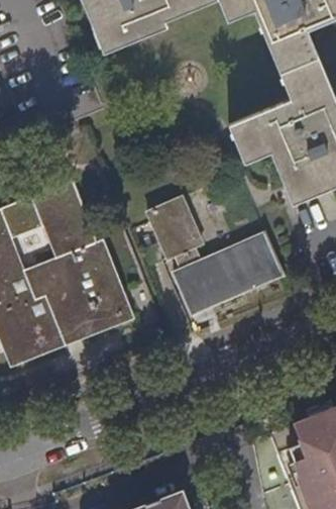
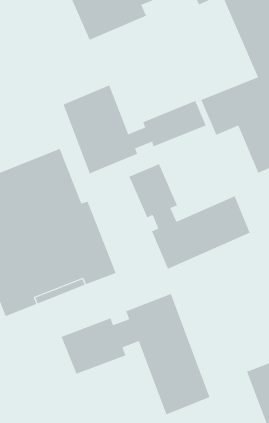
building: none -> [63,85,206,174]
building: none -> [61,293,210,415]

